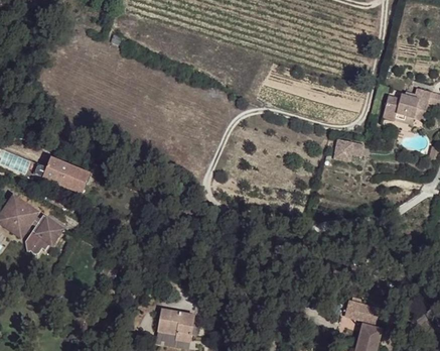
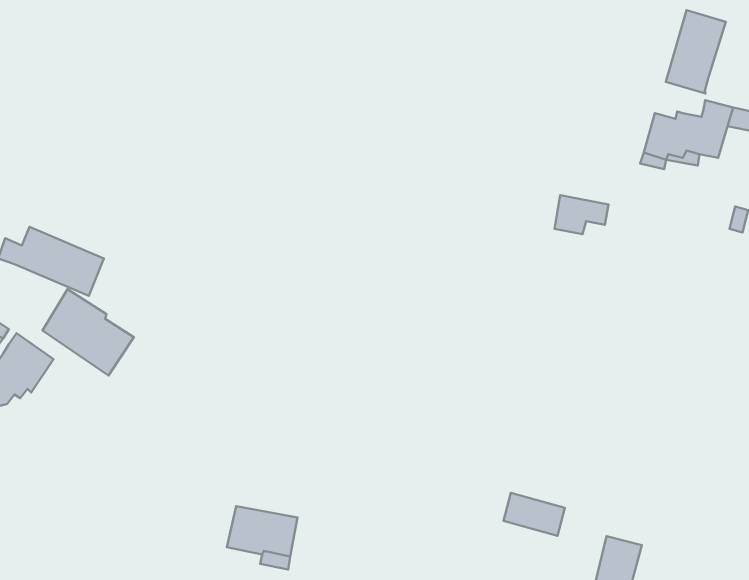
building: none -> [666,10,726,93]
building: none -> [42,289,134,375]
building: [344,301,378,324] -> [503,493,565,536]

